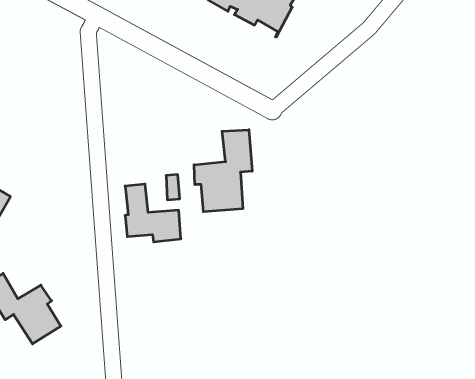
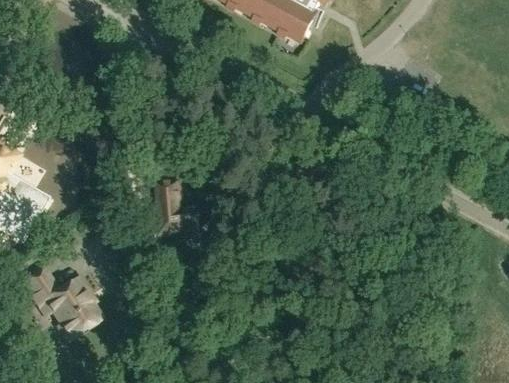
building: [194,130,252,212] -> none

